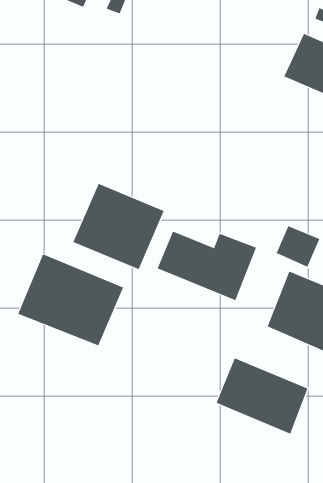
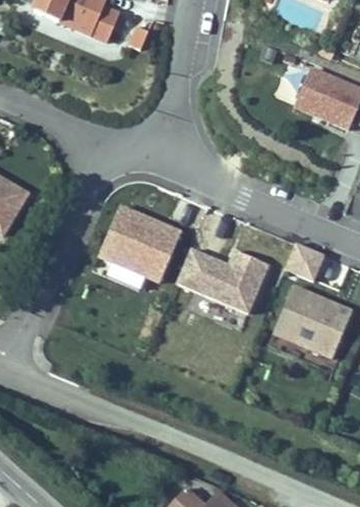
building: [17,253,124,346] -> none
building: [216,358,308,434] -> none

